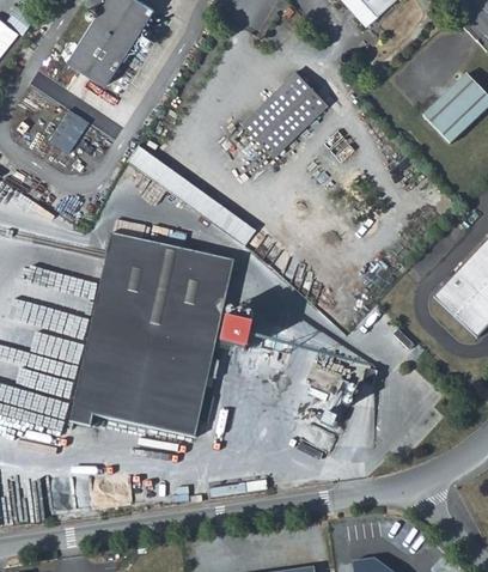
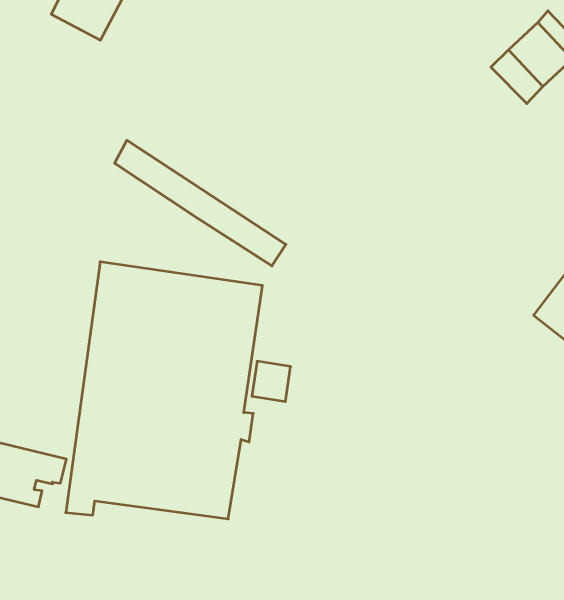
building: [71,39,122,89] -> none
building: [240,73,324,157] -> none
building: [53,109,91,153] -> none

